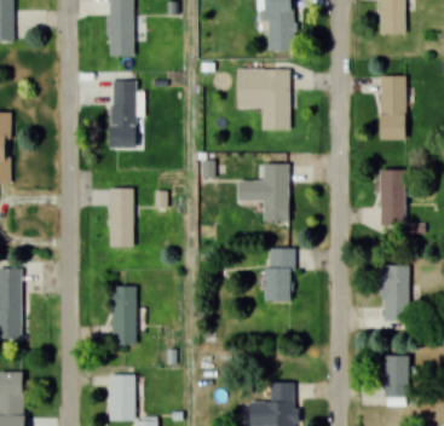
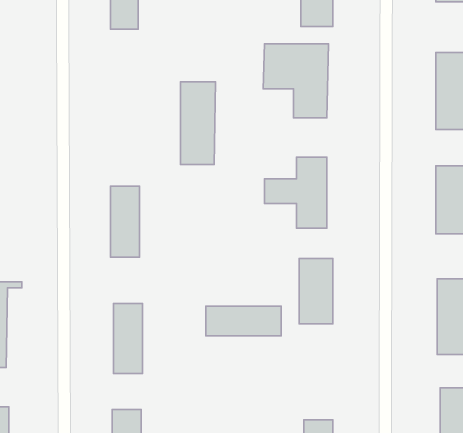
building: [110,81,139,150] -> [181,82,216,165]
building: none -> [206,306,281,336]

